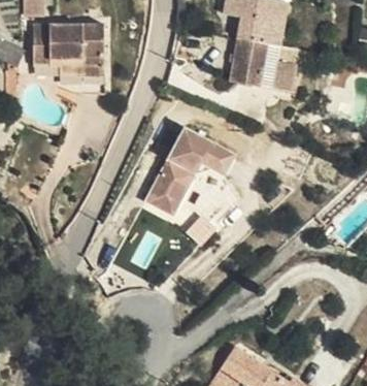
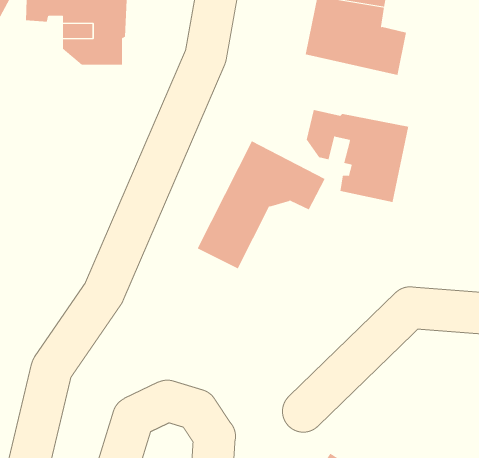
building: none -> [306,109,409,203]

